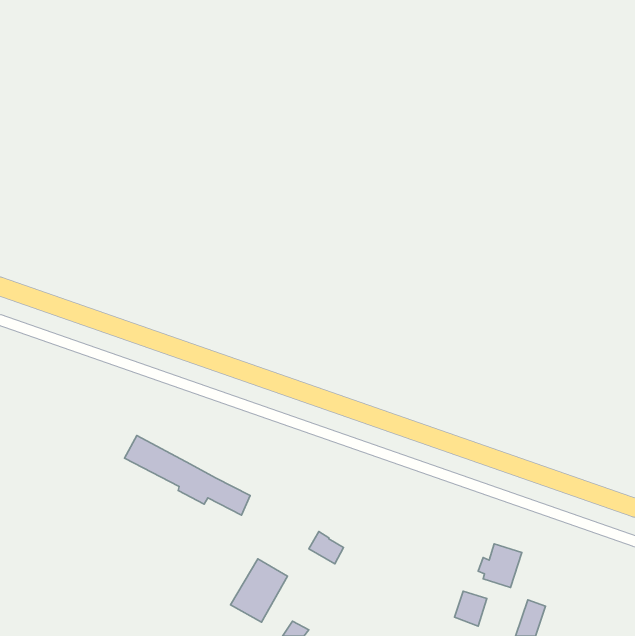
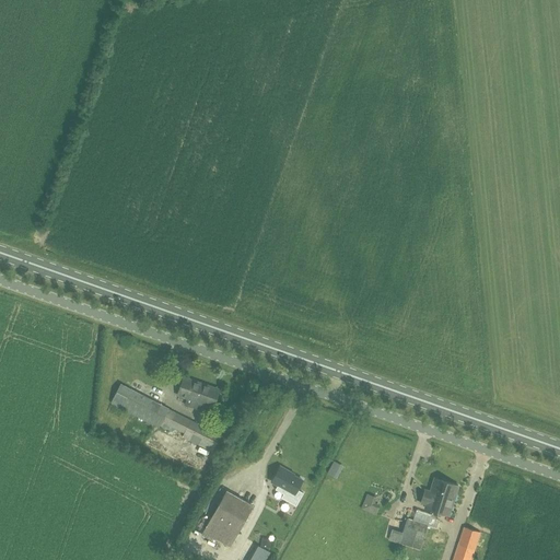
building: none -> [177,378,217,407]

